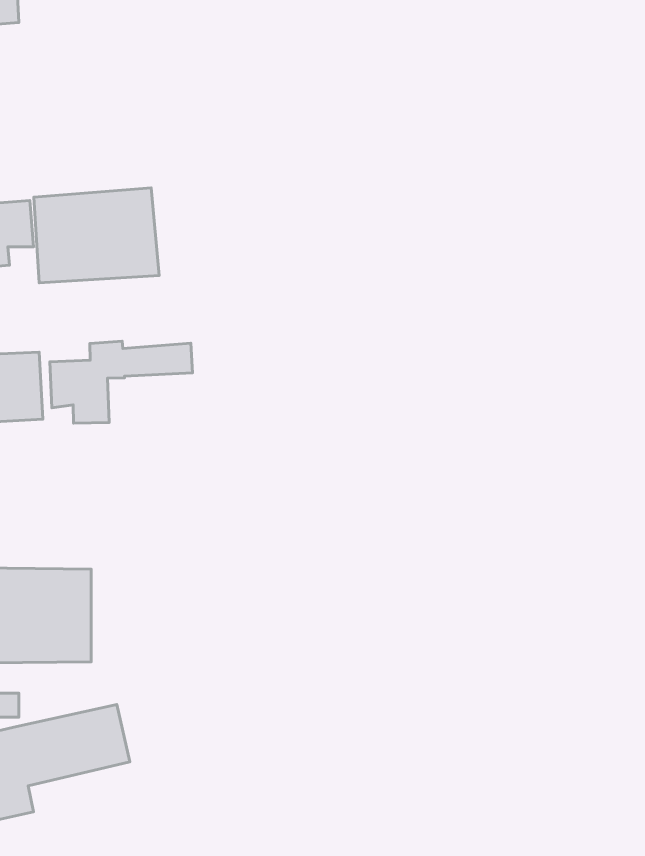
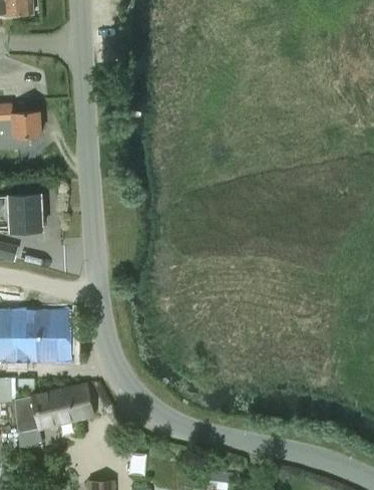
building: [34,188,159,283] -> none
building: [50,341,192,423] -> none

